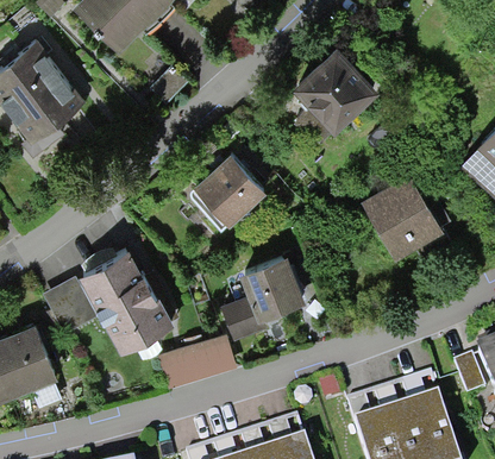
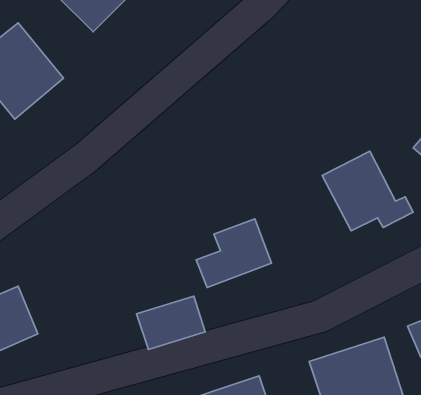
building: [295,46,378,140] -> none
building: [194,151,268,224] -> none
building: [81,245,175,351] -> none
building: [44,278,98,338] -> none

